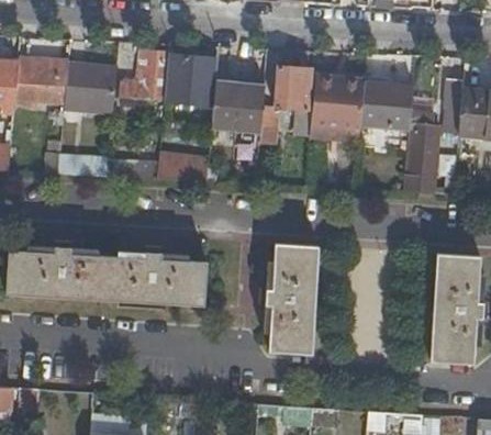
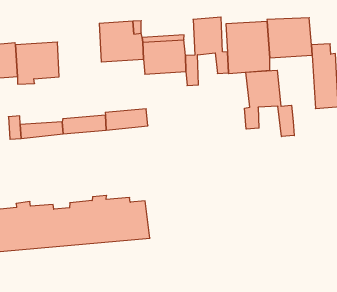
building: [123,48,168,107] -> none
building: none -> [245,70,294,137]
building: [246,243,304,355] -> none

